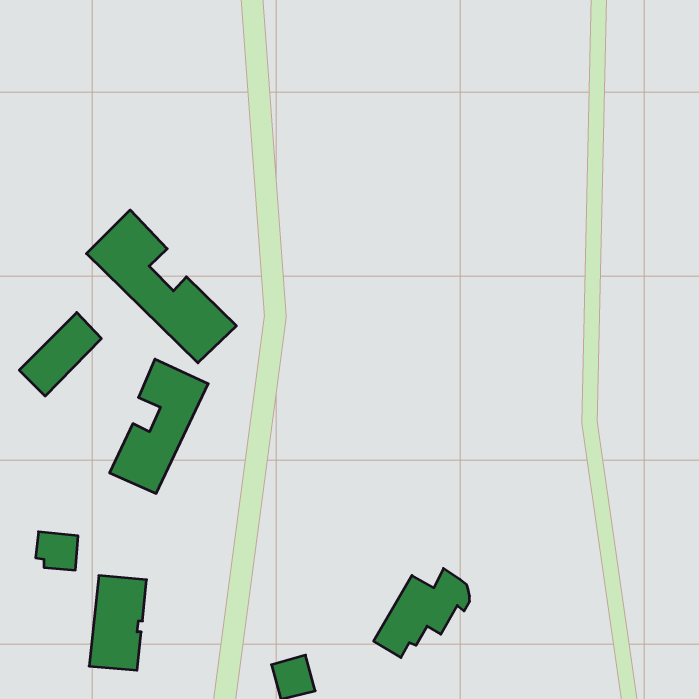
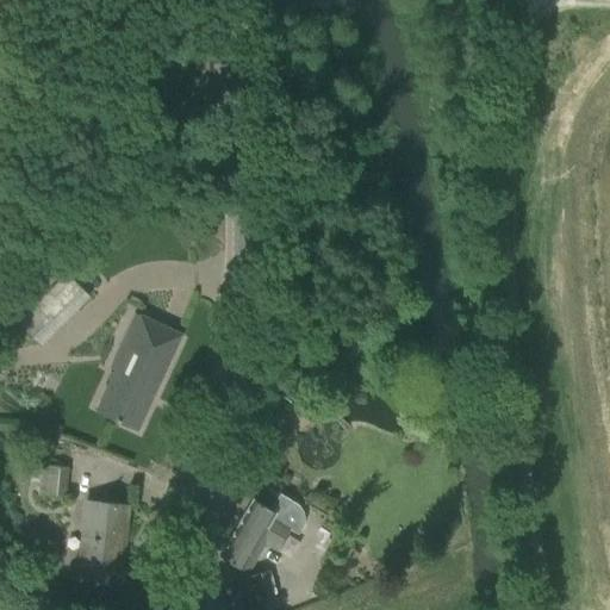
building: [86,210,236,363] -> none
building: [374,568,470,658] -> [219,492,303,569]

